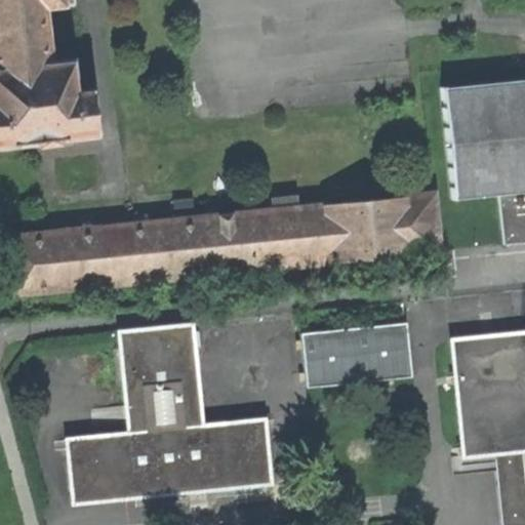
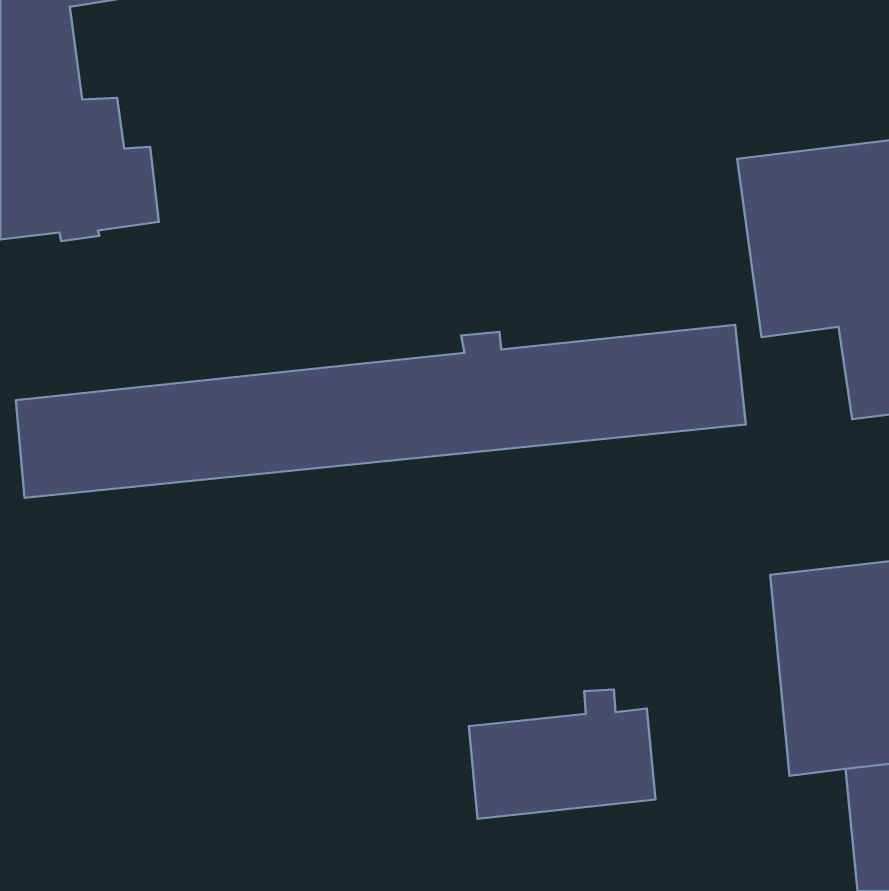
building: [305,309,414,385] -> [469,689,656,819]
building: [69,320,274,501] -> none

